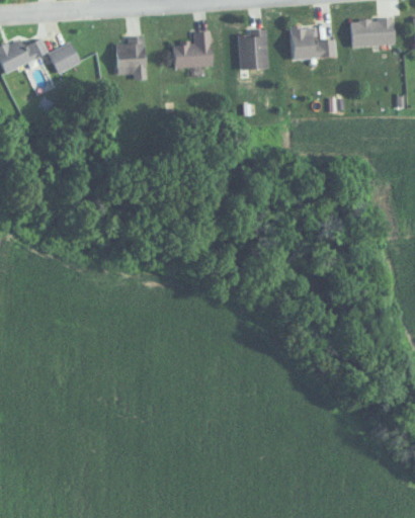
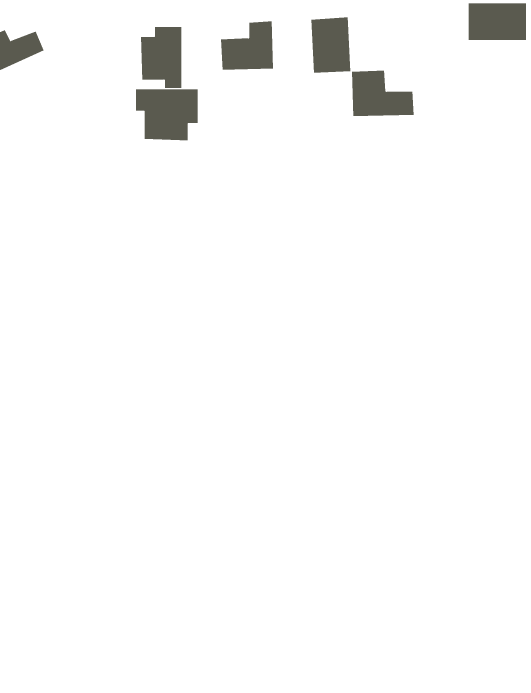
building: [289,25,335,59] -> [351,70,414,117]
building: [47,41,81,75] -> none
building: none -> [136,89,198,141]

